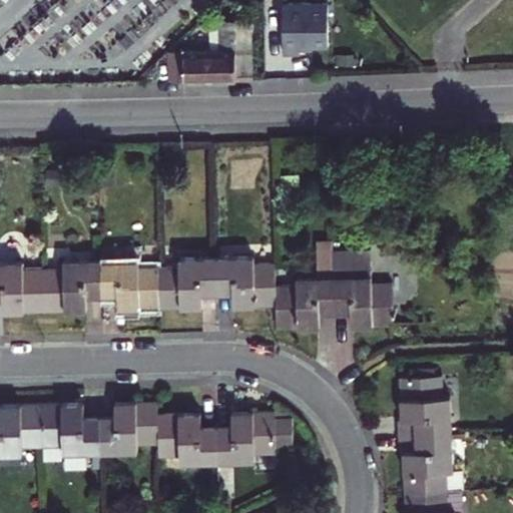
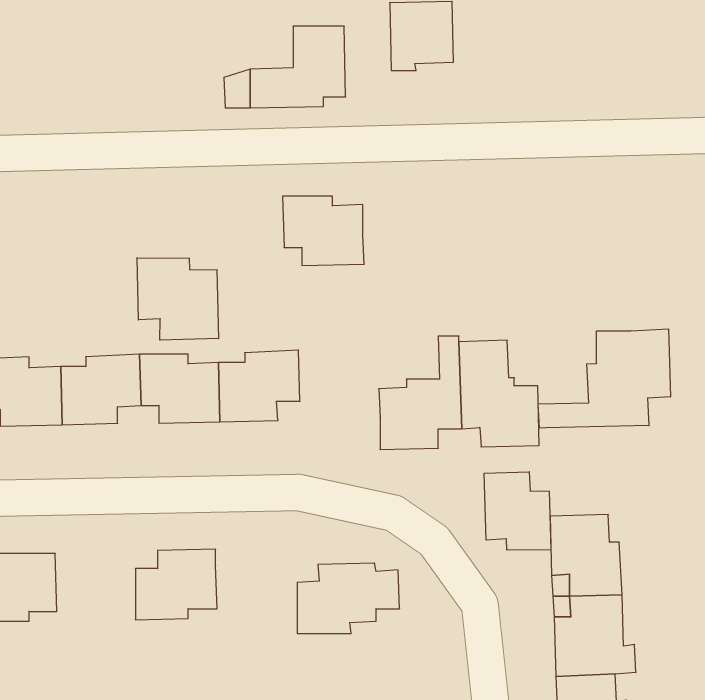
building: none -> [137,258,219,340]
building: none -> [538,329,670,428]
building: [216,259,276,309] -> [283,196,364,265]
building: none -> [484,472,551,550]
building: [40,405,98,454] -> none
building: [156,414,215,465] -> none

